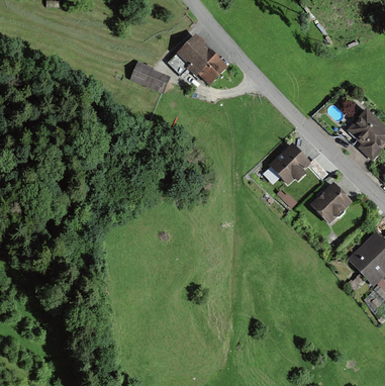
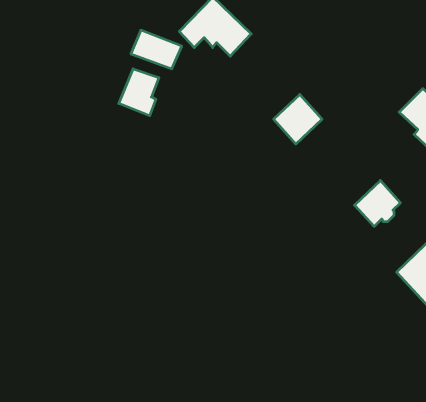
building: none -> [119,69,159,116]
building: [270,143,309,184] -> [274,94,322,144]

